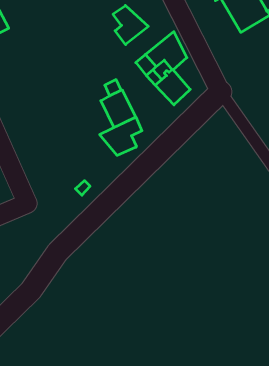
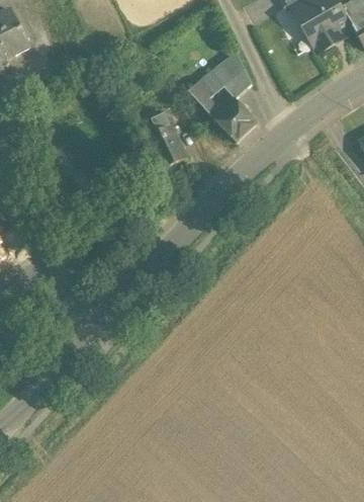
building: [113,5,148,45] -> none
building: [100,117,142,155] -> none

